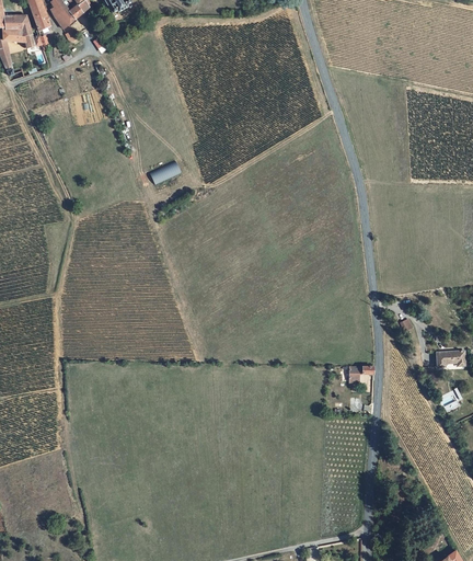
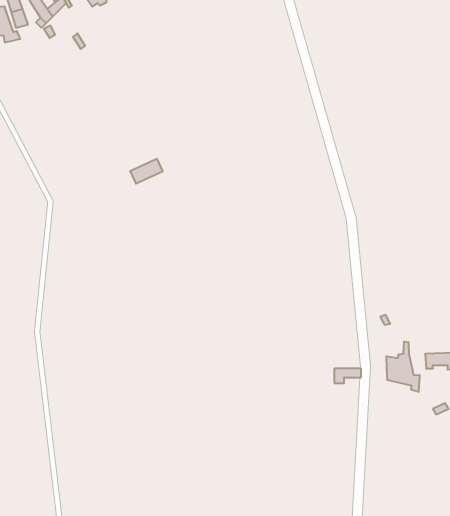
building: none -> [386,341,420,392]

